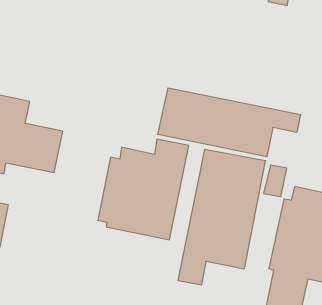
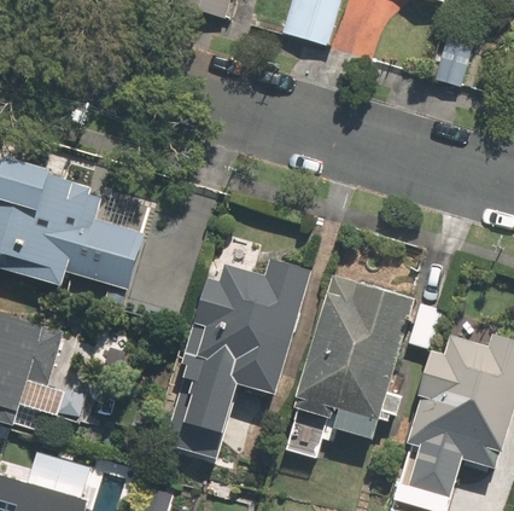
building: [158,88,301,157] -> none
building: none -> [169,377,228,443]

